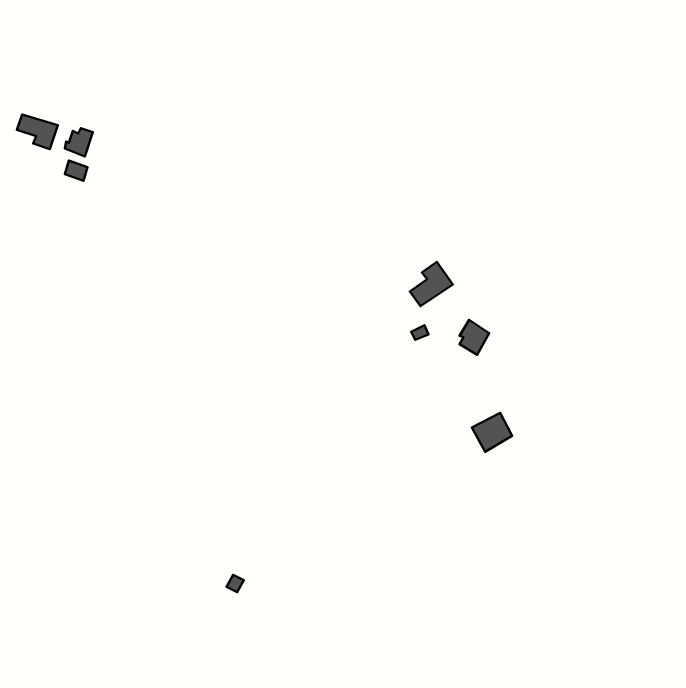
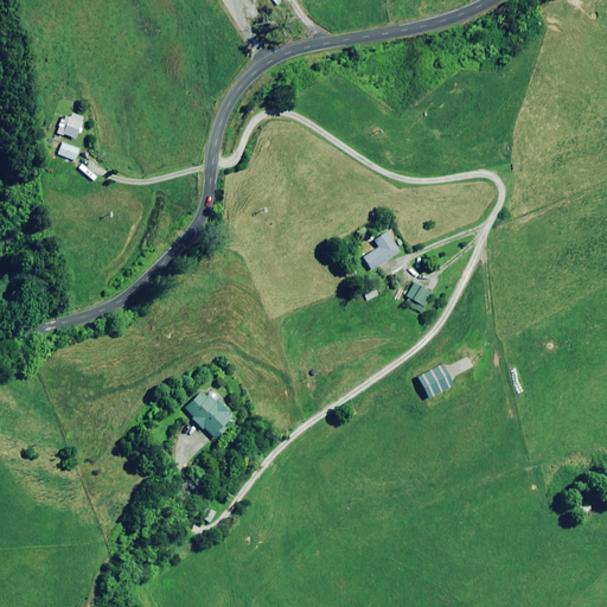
building: [17,114,58,149] -> none
building: none -> [185,389,234,437]

